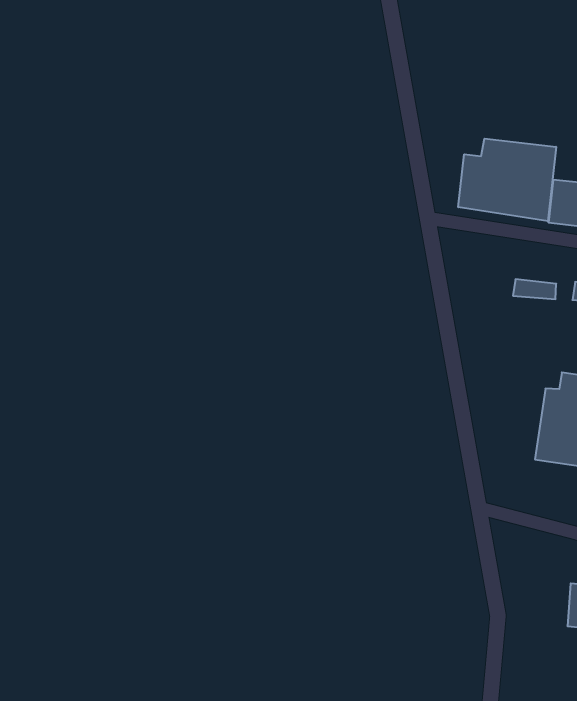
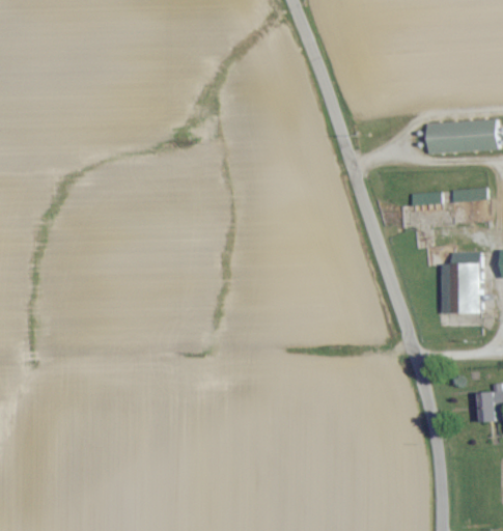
building: [458,139,556,221] -> none

